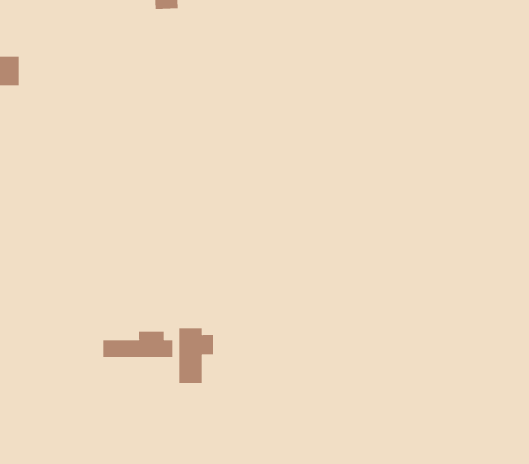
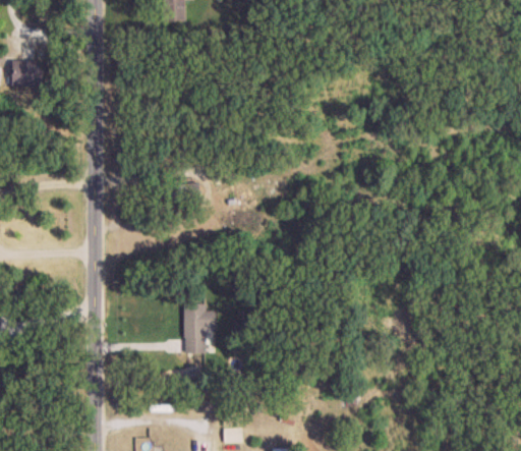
building: [103,331,173,358] -> none

